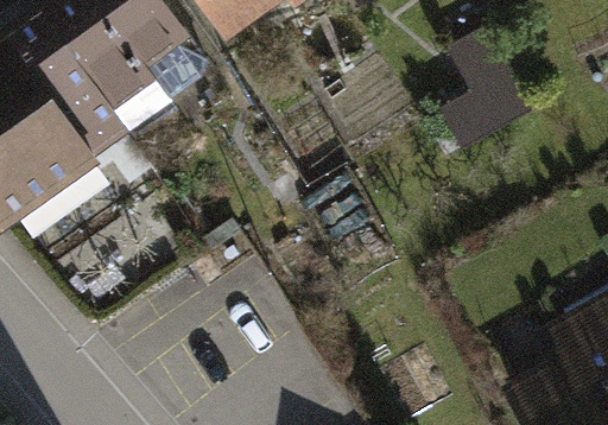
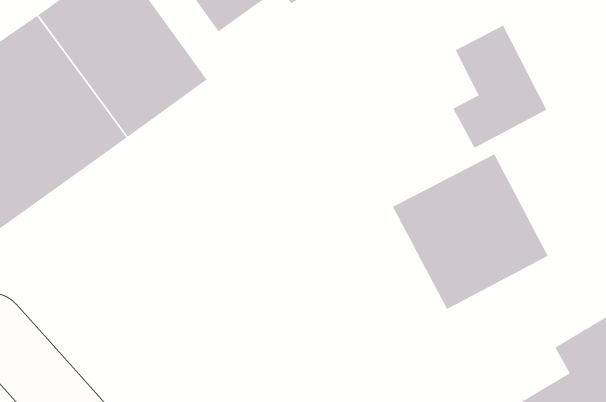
building: none -> [392,153,549,310]

